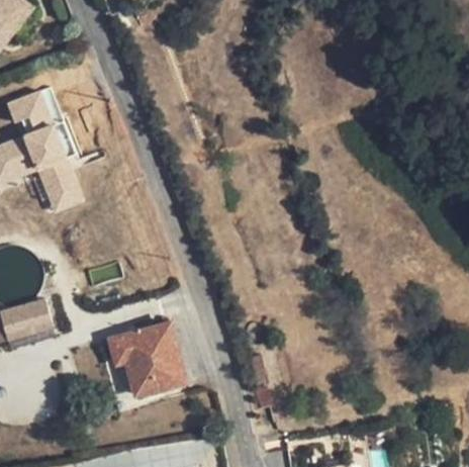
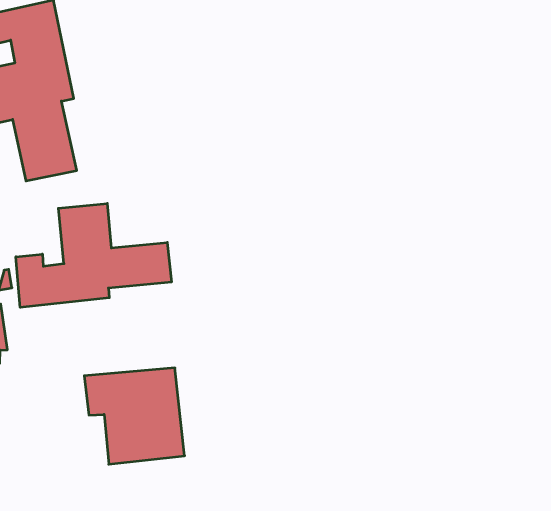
building: none -> [16,203,171,307]

